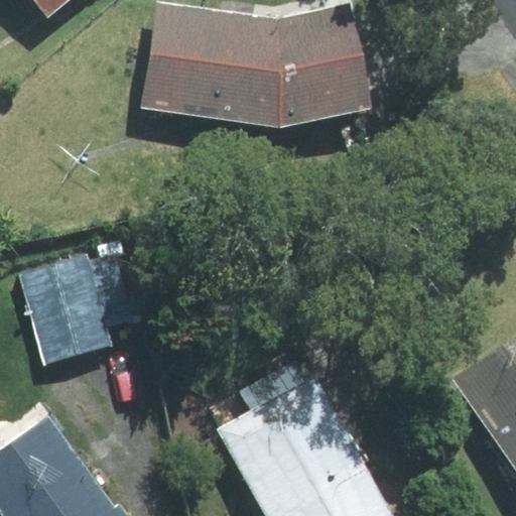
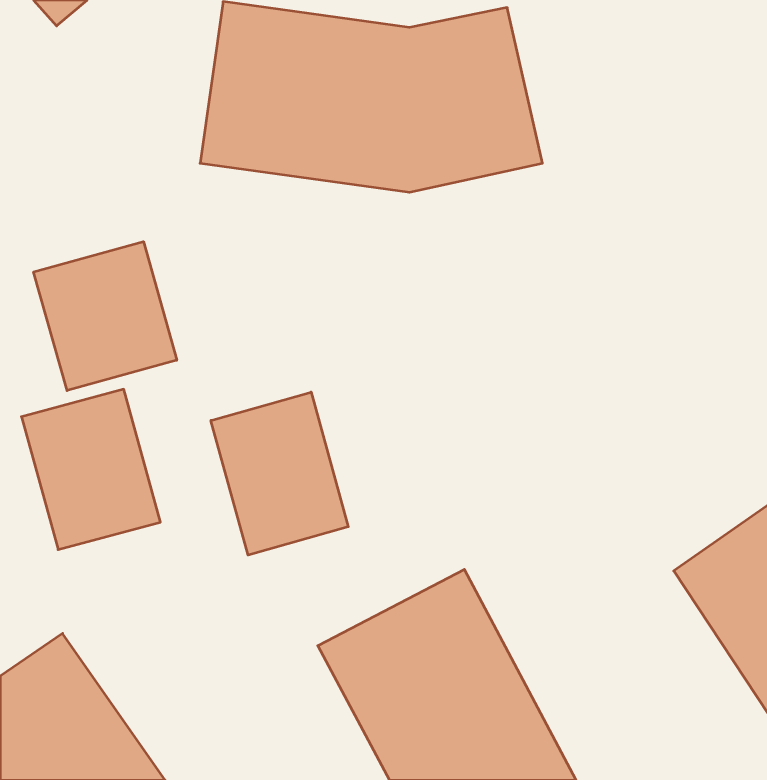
building: none -> [34,242,177,391]
building: none -> [211,392,348,555]

